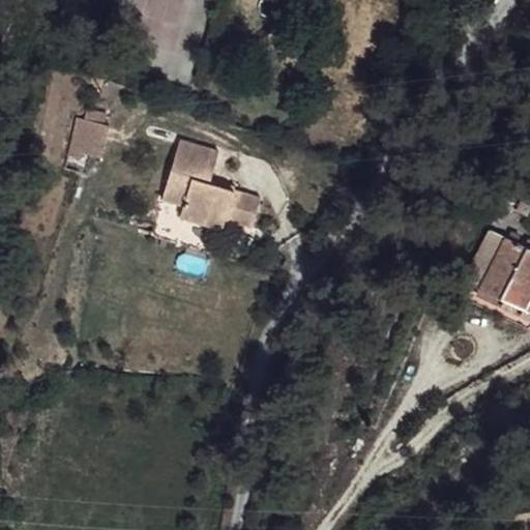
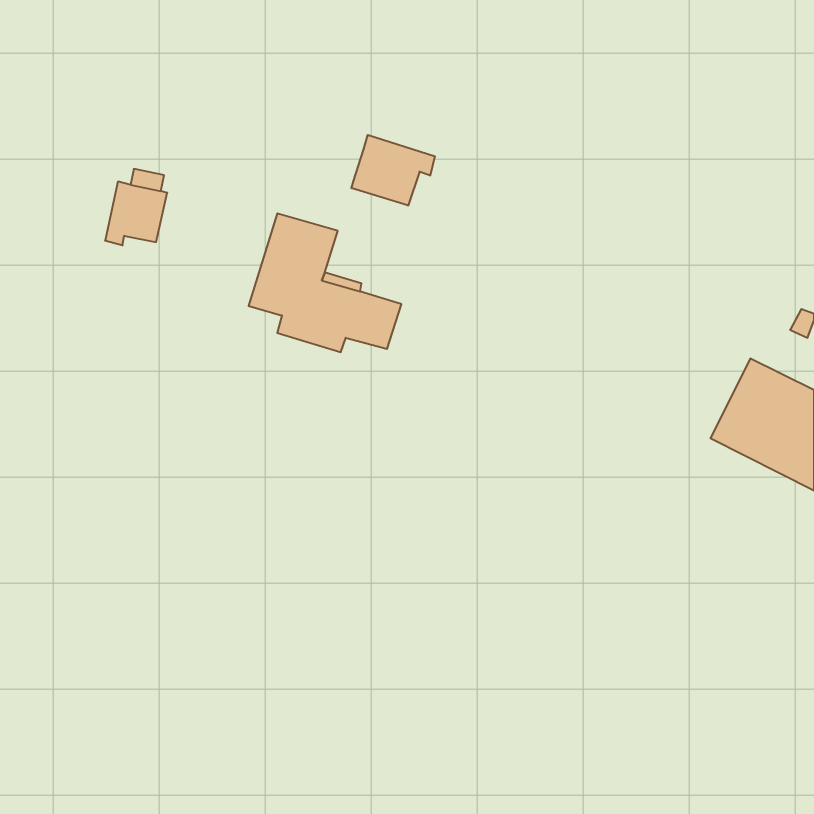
building: none -> [351,135,435,206]

